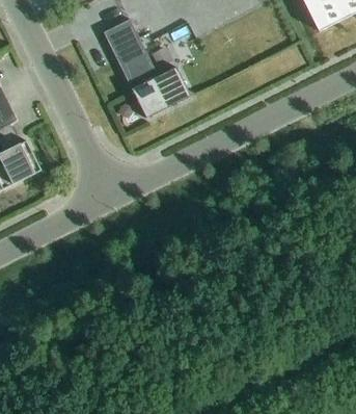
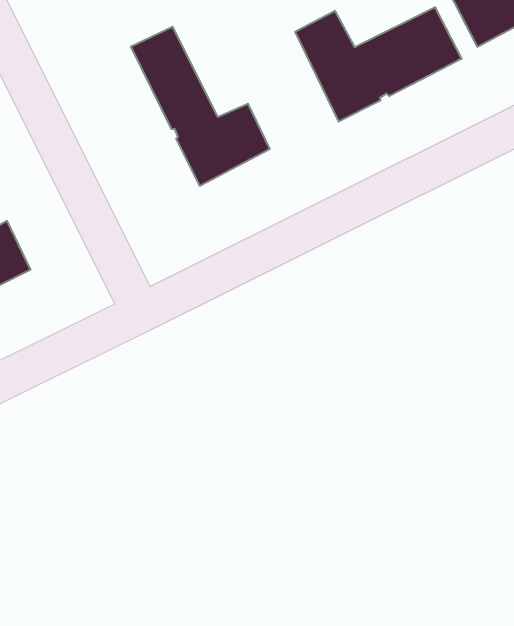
building: none -> [295,7,462,122]

